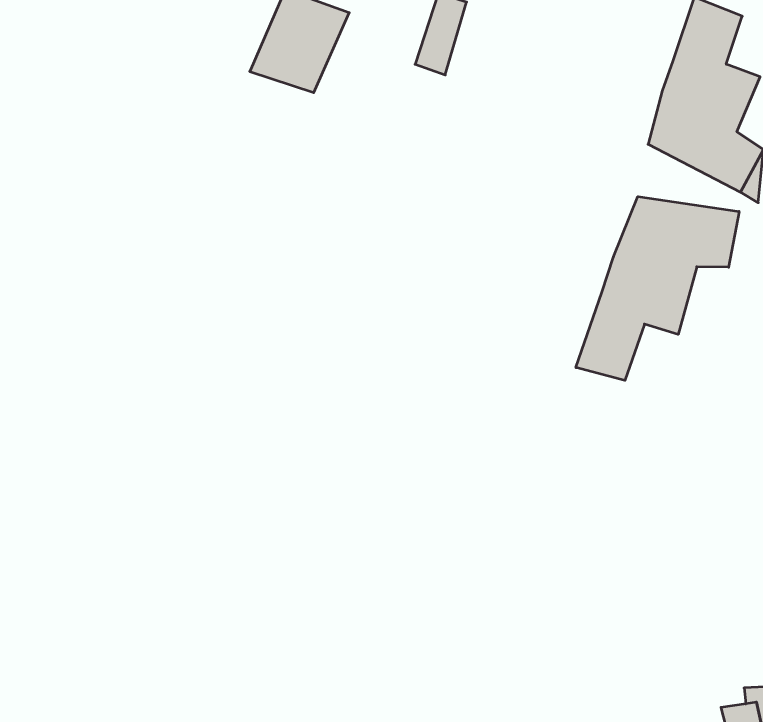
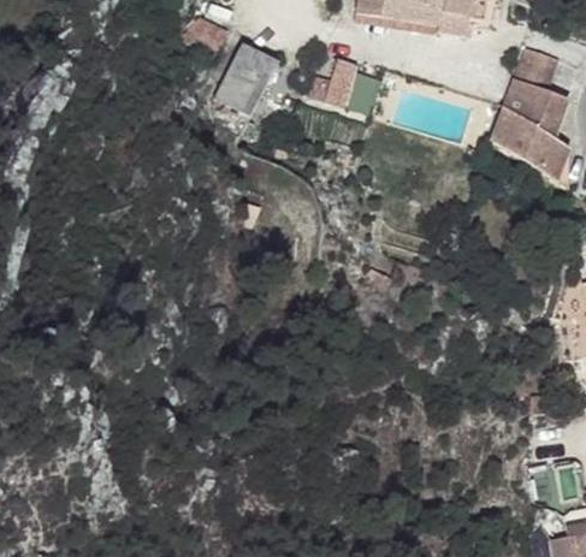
building: [576,197,739,380] -> none

